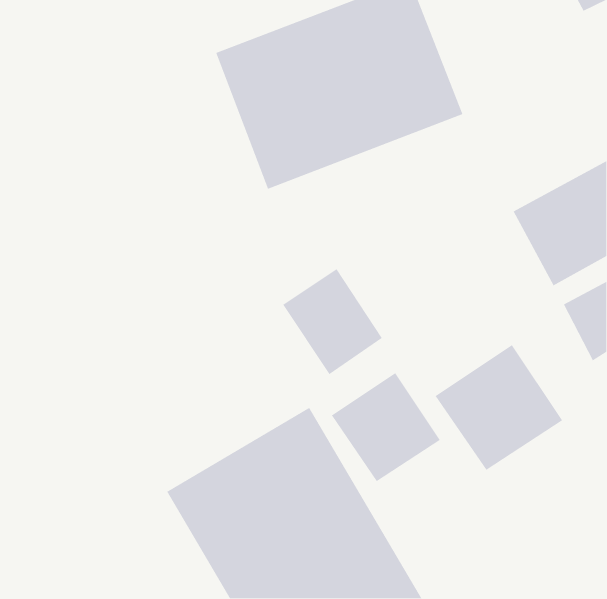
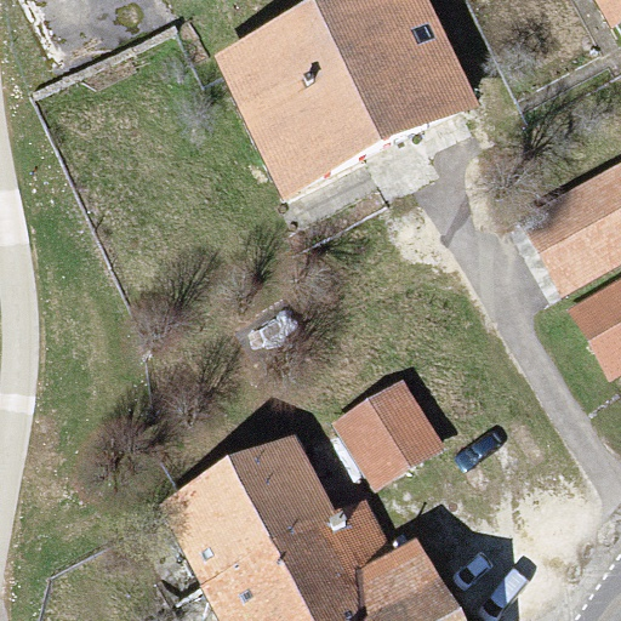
building: [282,268,383,375] -> none
building: [435,344,563,471] -> none

